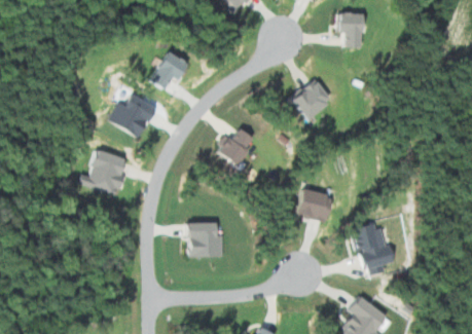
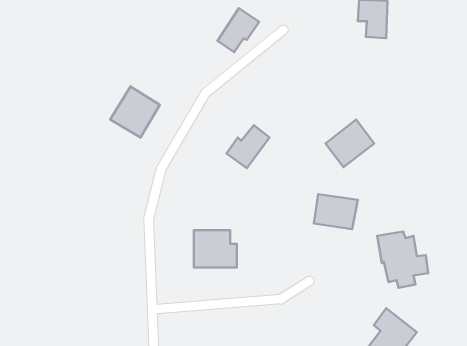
building: [146,49,184,89] -> [217,8,259,52]
building: [289,76,333,119] -> [325,120,374,167]
building: [78,149,124,193] -> none

